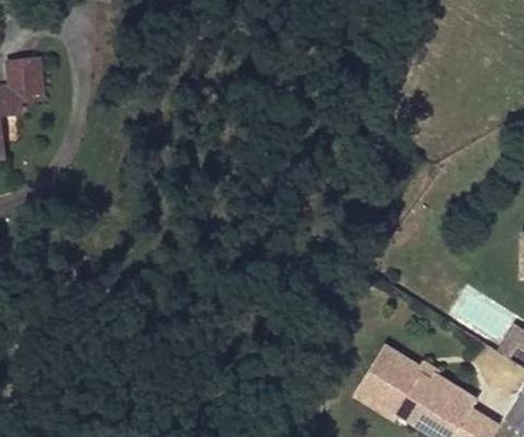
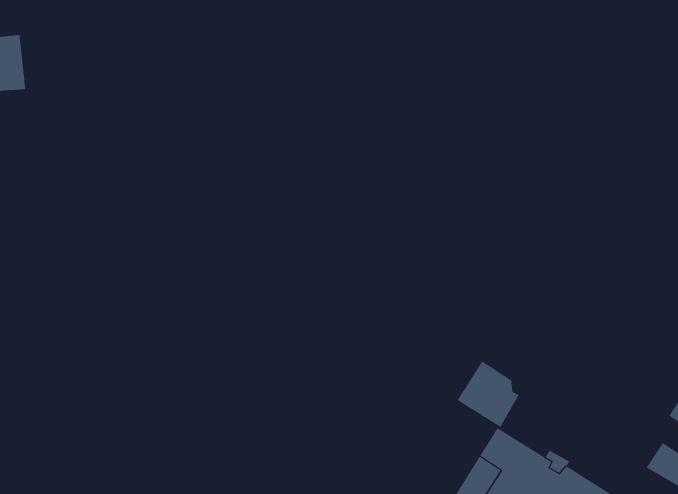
building: none -> [457,361,519,428]

